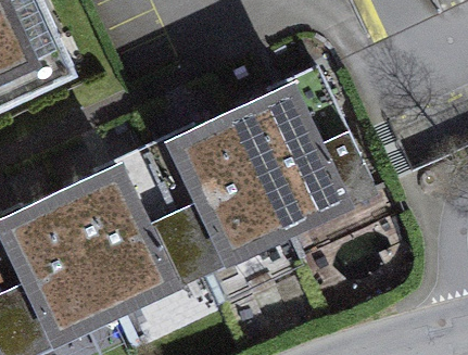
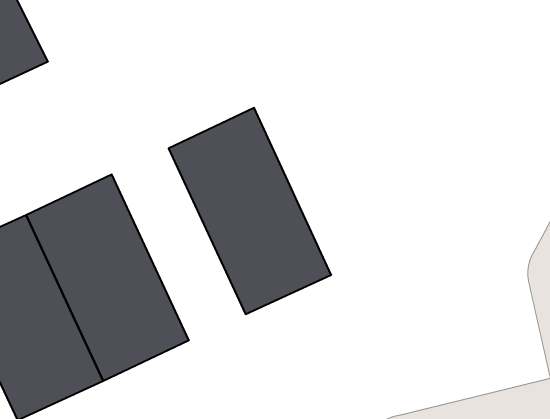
building: [232,76,354,230] -> none

